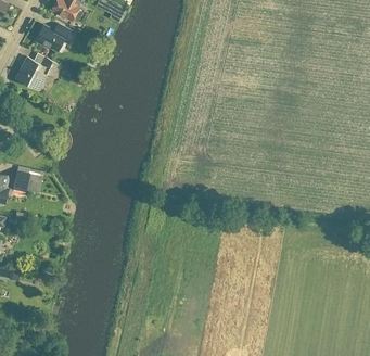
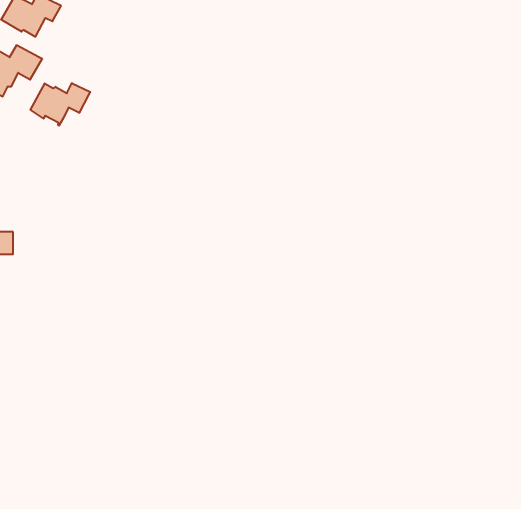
building: none -> [30,83,90,126]

